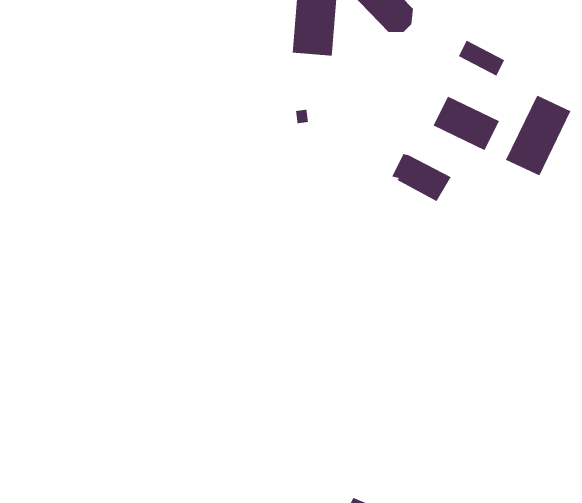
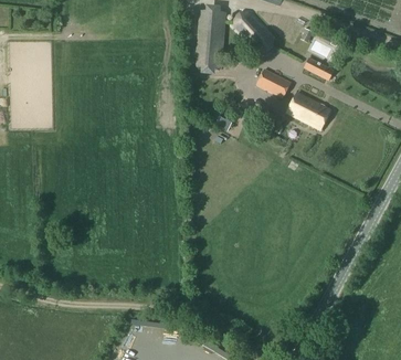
building: [505,94,572,177] -> none
building: [391,153,452,202] -> [252,65,292,97]

